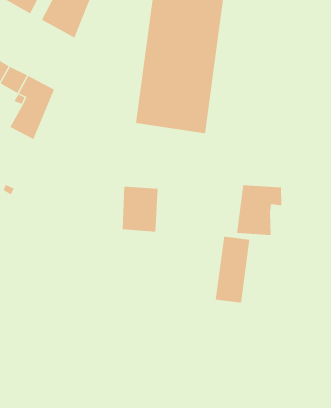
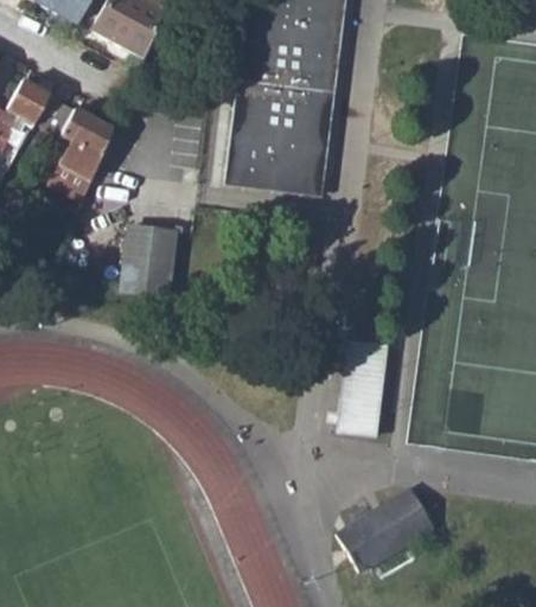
building: [236,184,282,236] -> none
building: [122,186,159,232] -> [126,225,178,290]
building: none -> [336,491,433,571]

